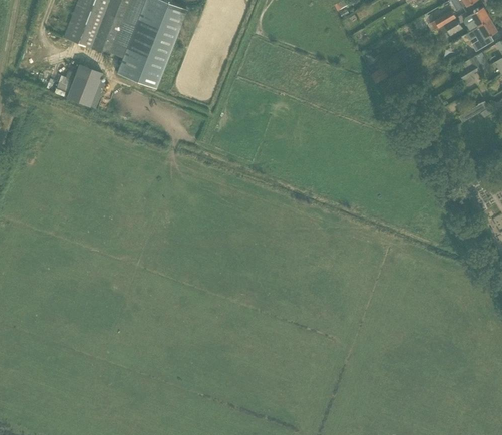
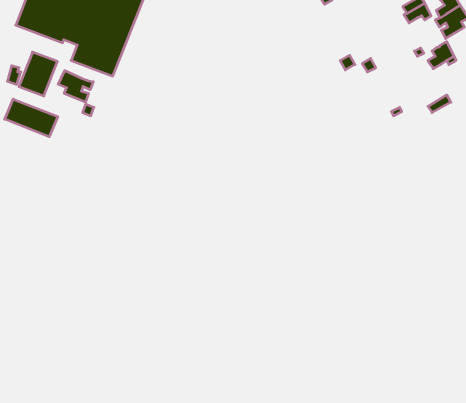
building: none -> [58,71,93,102]
building: none -> [5,99,58,137]

